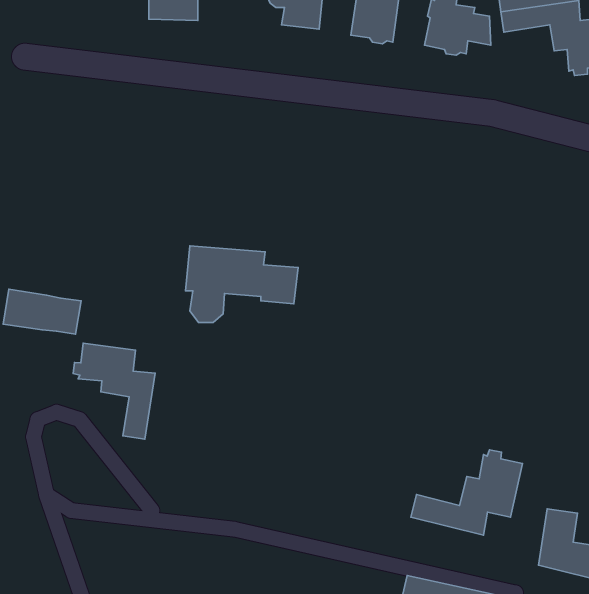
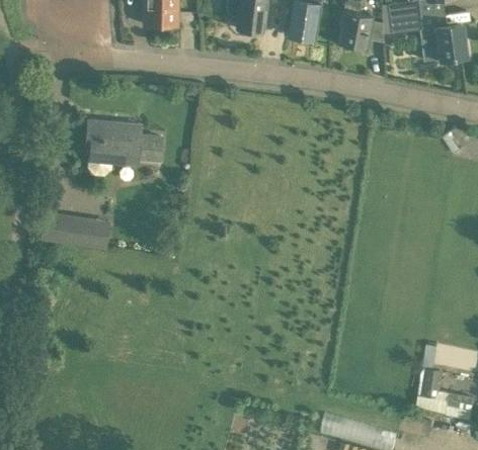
building: [186,246,298,322] -> [84,121,163,175]
building: [73,343,155,439] -> none
building: [411,450,522,535] -> none

